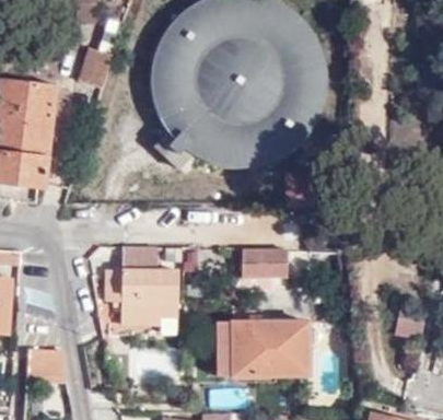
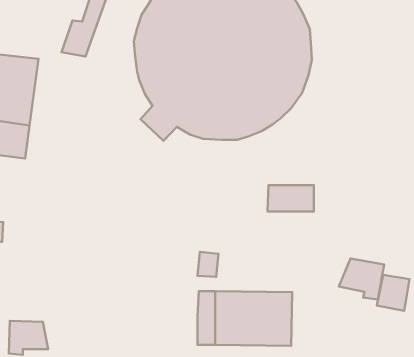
building: [105,245,178,323] -> none
building: [241,249,287,276] -> [268,185,314,212]
building: none -> [339,259,384,299]

